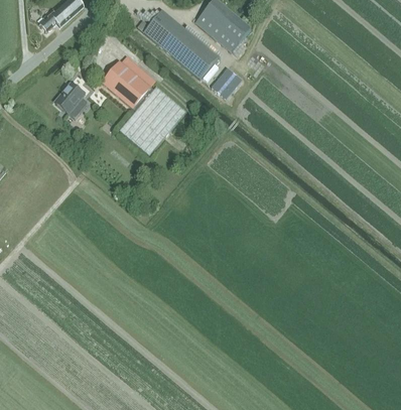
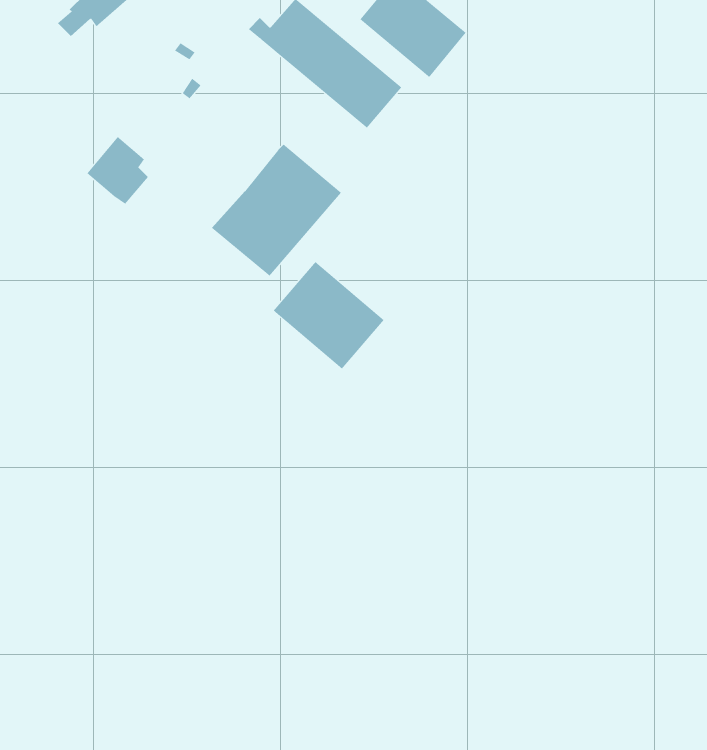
building: [102,61,153,111] -> none
building: [212,69,241,99] -> none
building: none -> [273,261,384,369]

